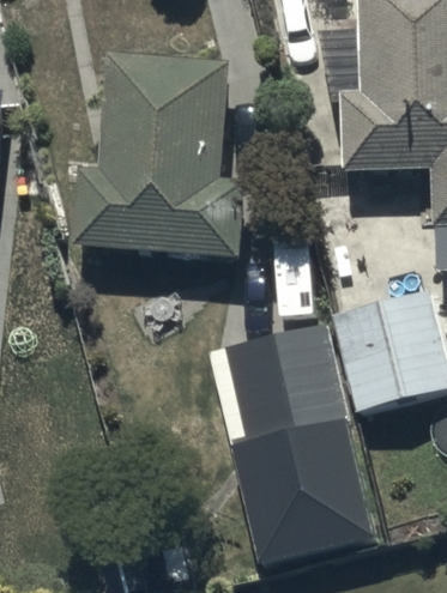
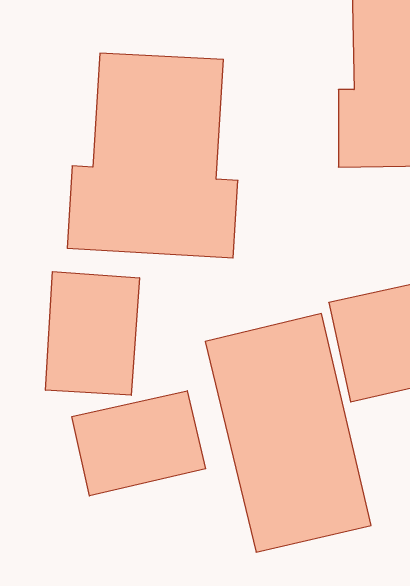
building: none -> [46,272,139,395]
building: none -> [72,391,206,496]

